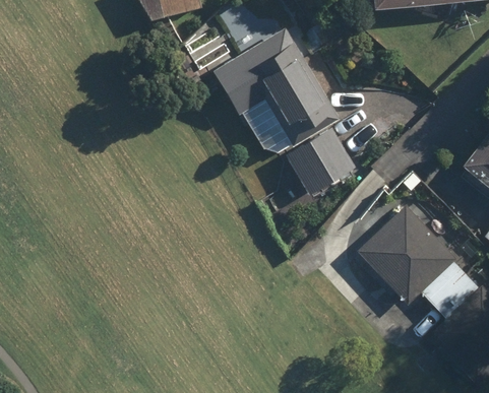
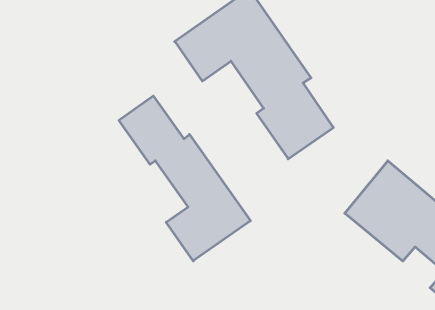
building: none -> [119,96,250,261]

